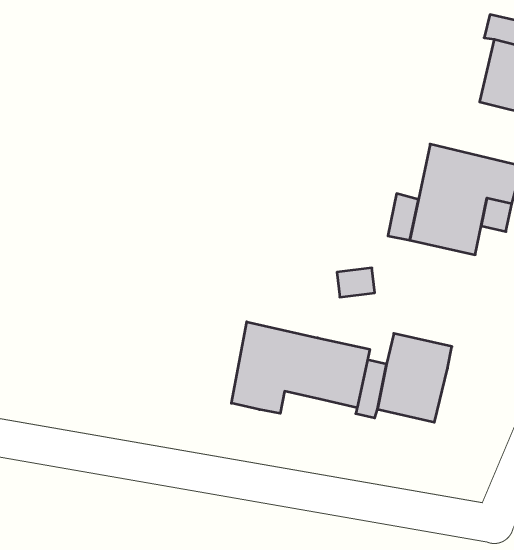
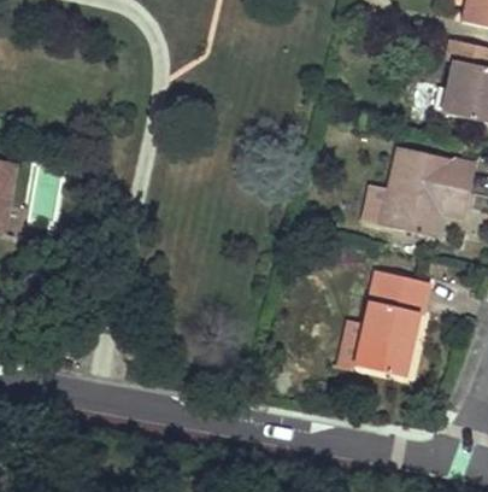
building: none -> [370,270,430,314]
building: [231,322,370,413] -> none

